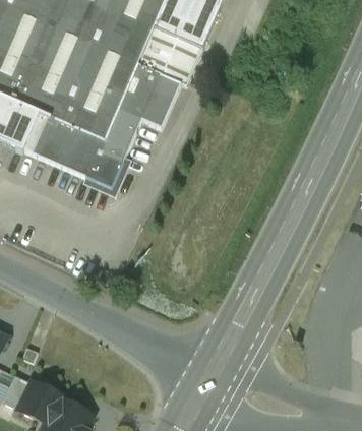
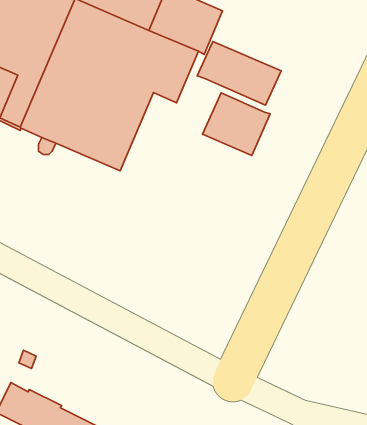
building: none -> [197,42,281,105]
building: none -> [203,93,270,155]

